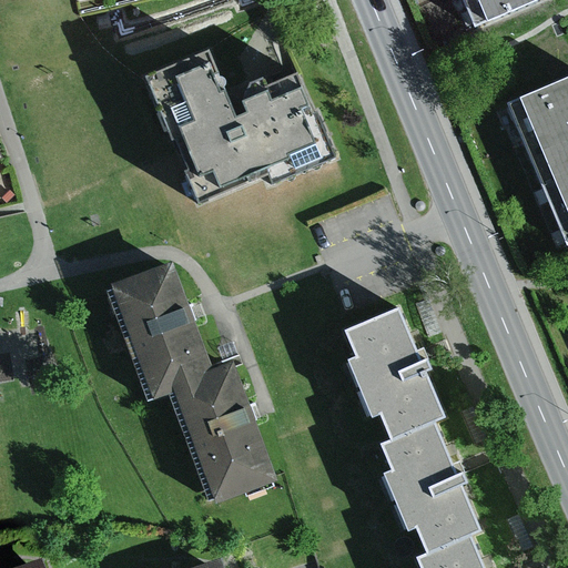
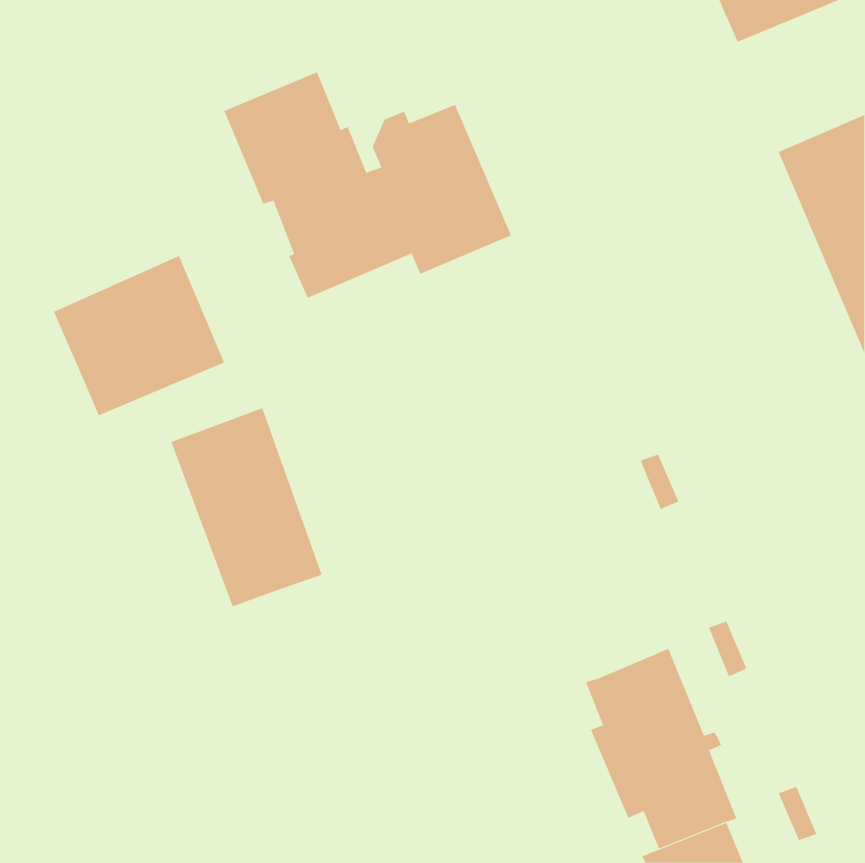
building: none -> [53,255,225,416]
building: [346,311,444,440] -> none
building: [172,365,274,503] -> none

